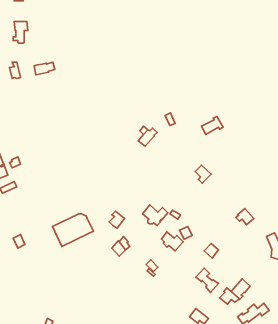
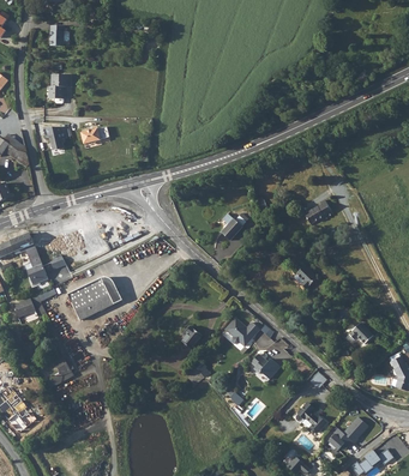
building: [53,214,93,246] -> [67,276,121,319]

